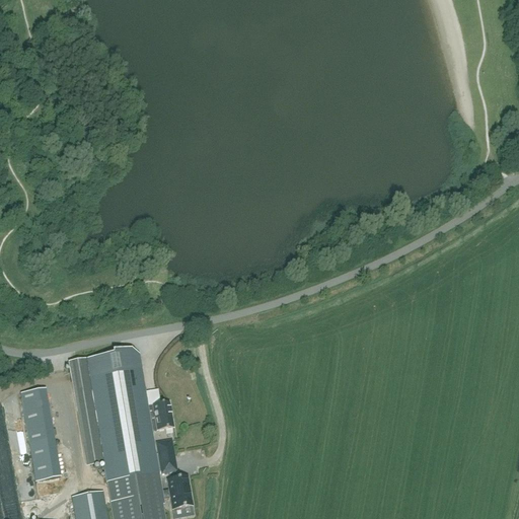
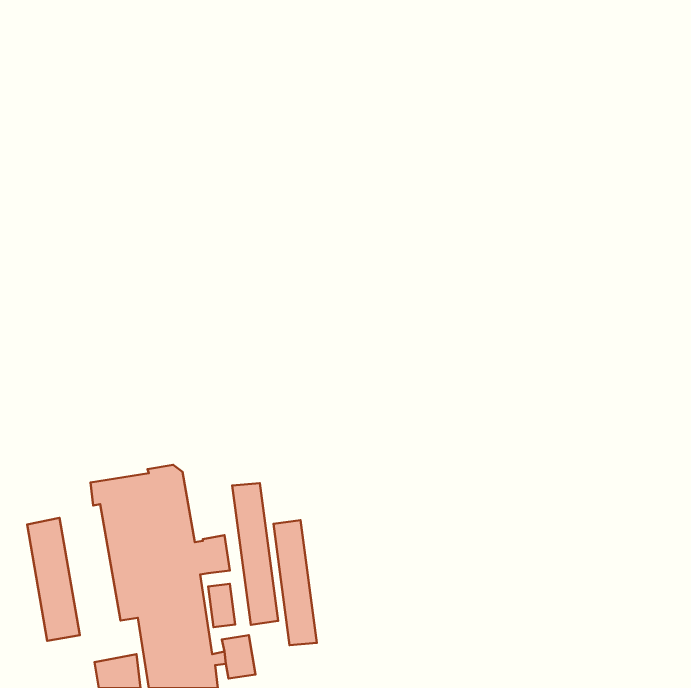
building: none -> [232,483,278,625]
building: none -> [274,520,317,645]

